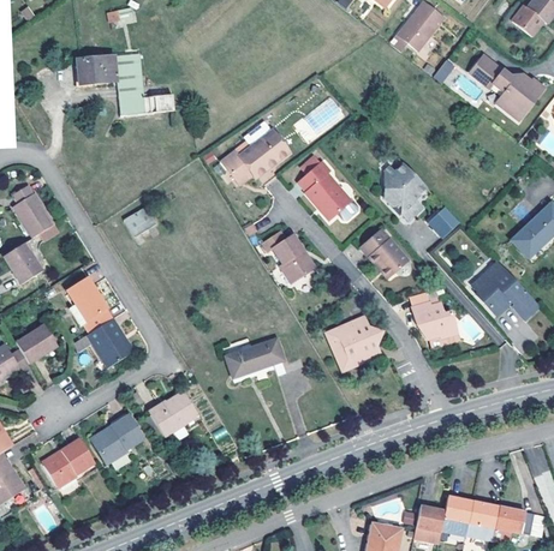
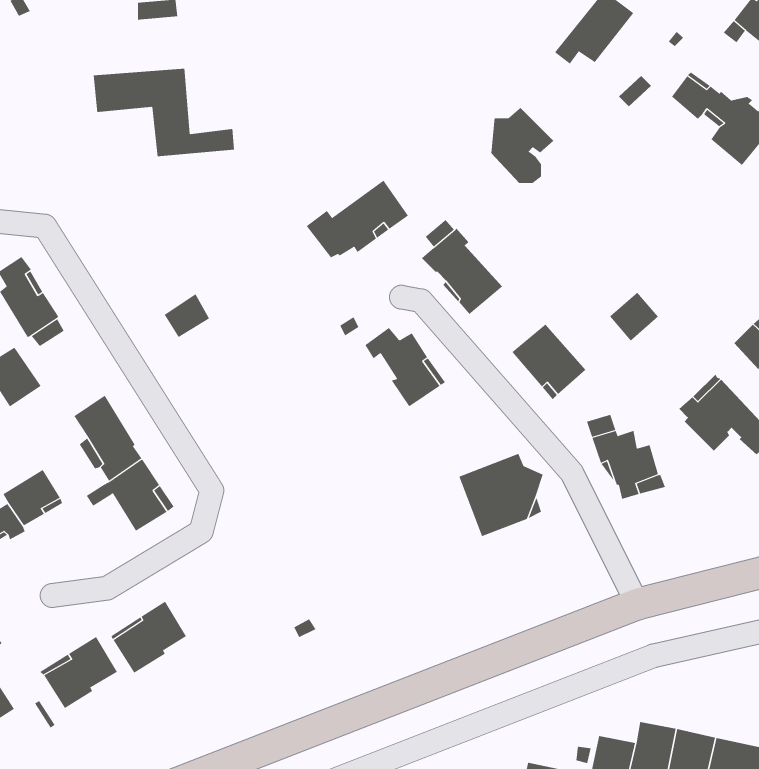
building: [383,163,427,215] -> [490,107,554,183]
building: [226,337,285,378] -> none
building: [141,389,198,439] -> none

